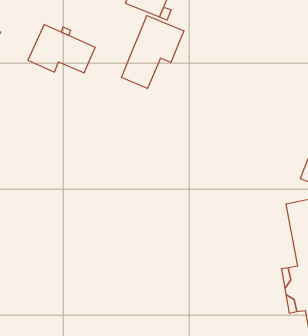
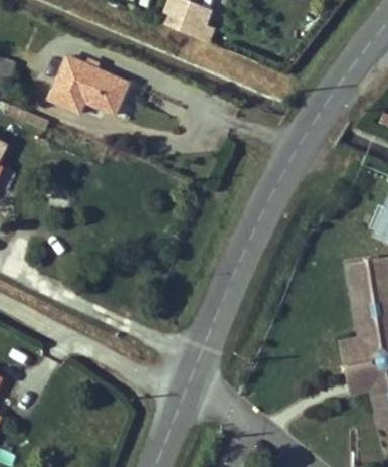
building: [121,16,184,89] -> none

